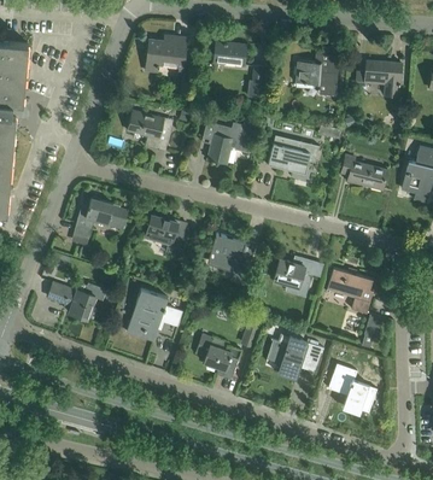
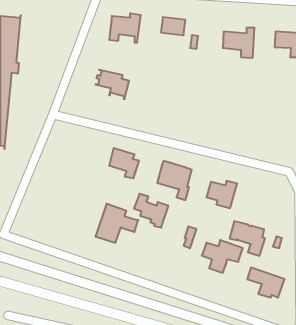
building: [201,121,256,164] -> none
building: [268,137,318,171] -> none
building: [341,156,387,189] -> none
building: [74,198,128,238] -> none
building: [327,268,374,314] -> [230,221,265,256]
building: [48,282,106,318] -> none
building: [195,334,241,379] -> [134,194,168,228]

